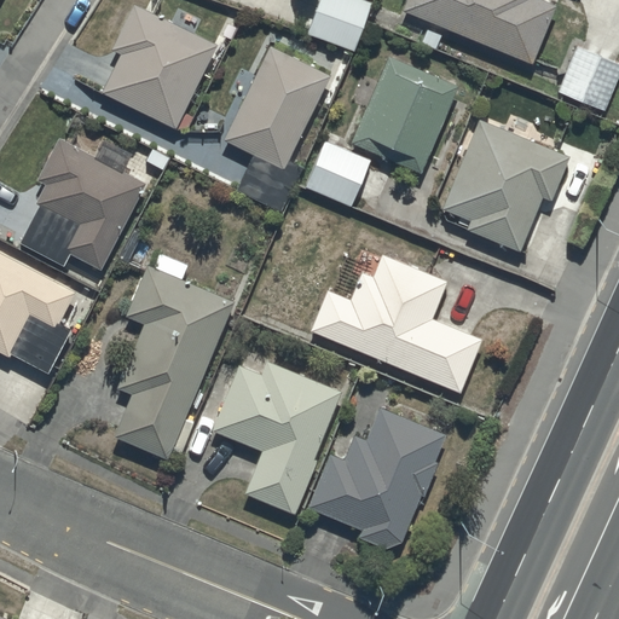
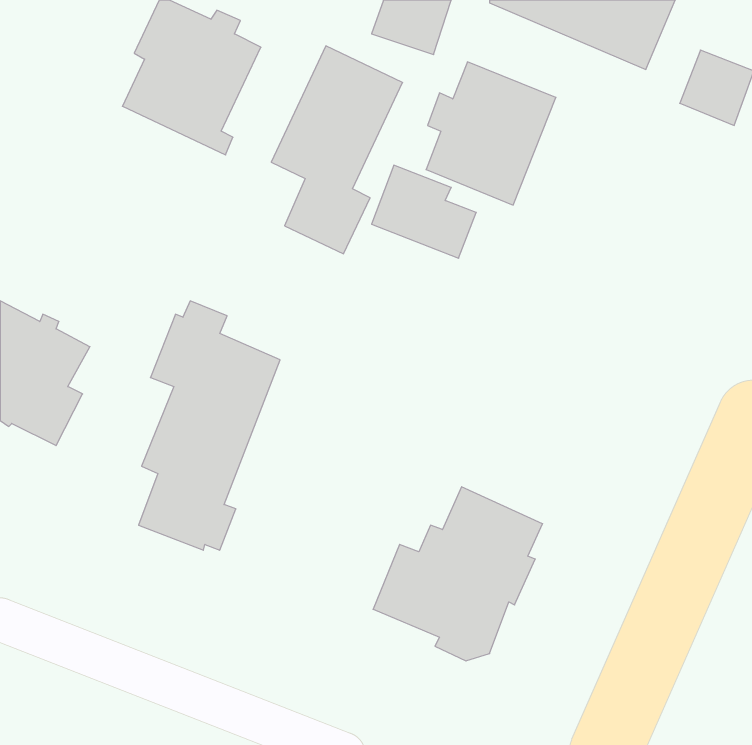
building: [440,120,571,256] -> none
building: [19,134,145,271] -> none
building: [310,253,482,394] -> none
building: [210,360,340,515] -> none

